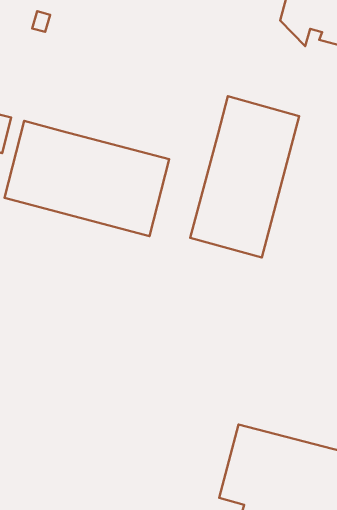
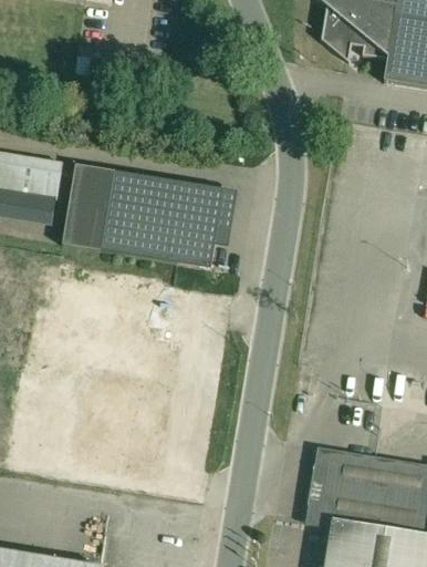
building: [190,96,299,257] -> none

